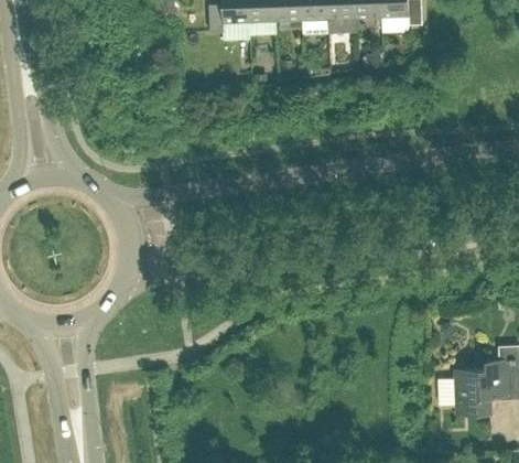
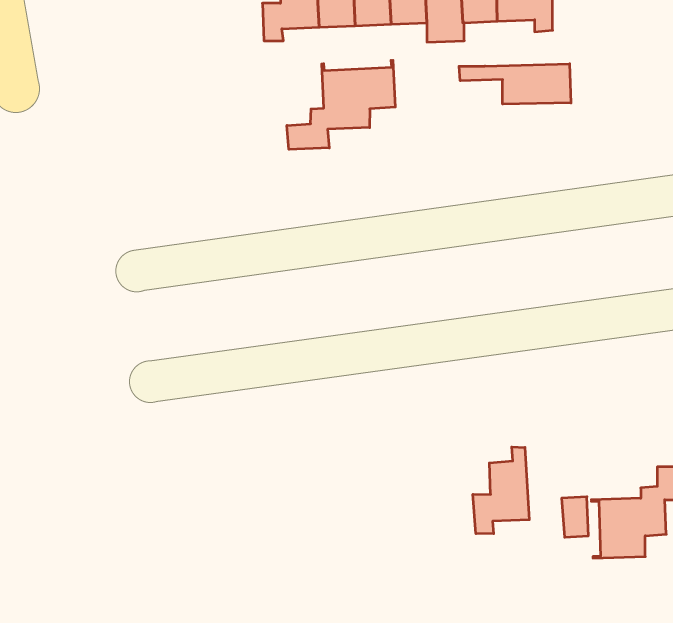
building: none -> [287,60,395,149]
building: none -> [459,64,571,104]
building: none -> [473,447,529,534]

